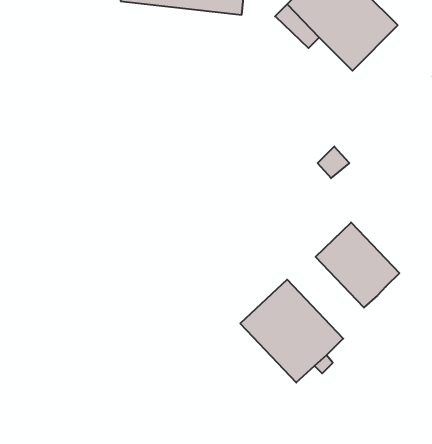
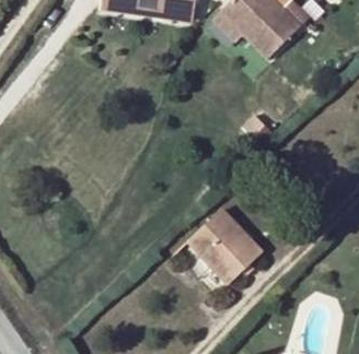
building: [316,222,399,308] -> none

